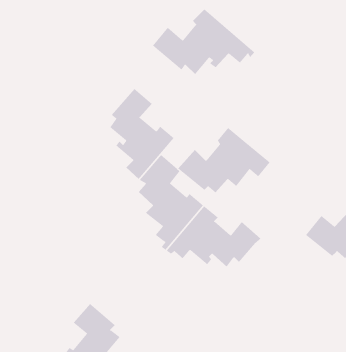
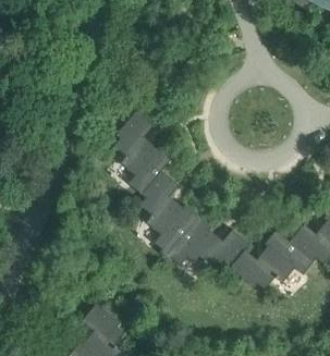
building: [152,9,255,75] -> none
building: [178,127,271,193] -> [231,228,314,286]

